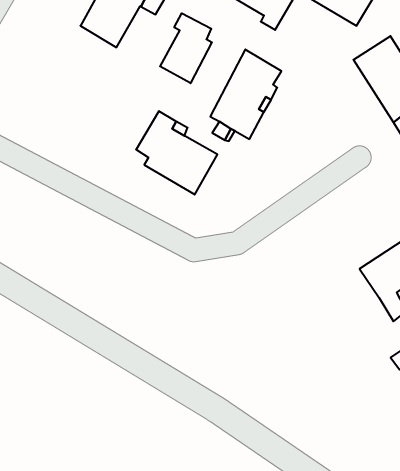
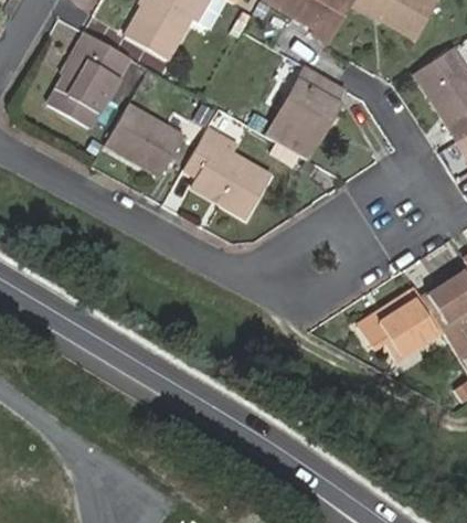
building: [160,13,212,83] -> none
building: none -> [50,34,131,129]
building: none -> [105,105,181,177]
building: none -> [358,286,444,360]

